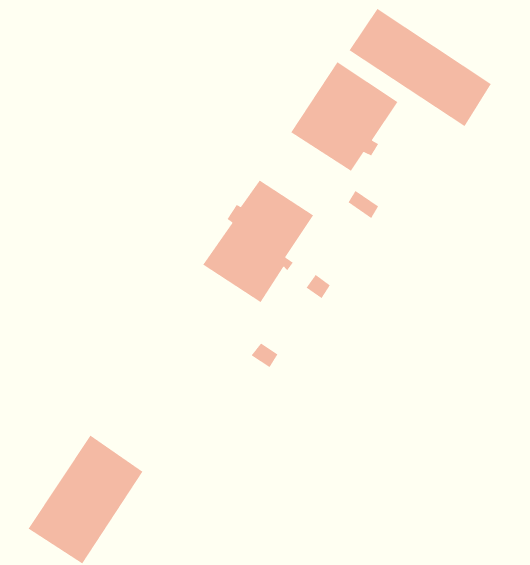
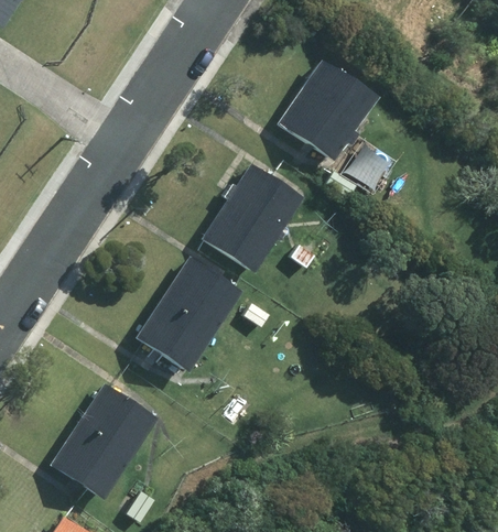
building: [348,8,492,127] -> none
building: none -> [138,258,240,370]

